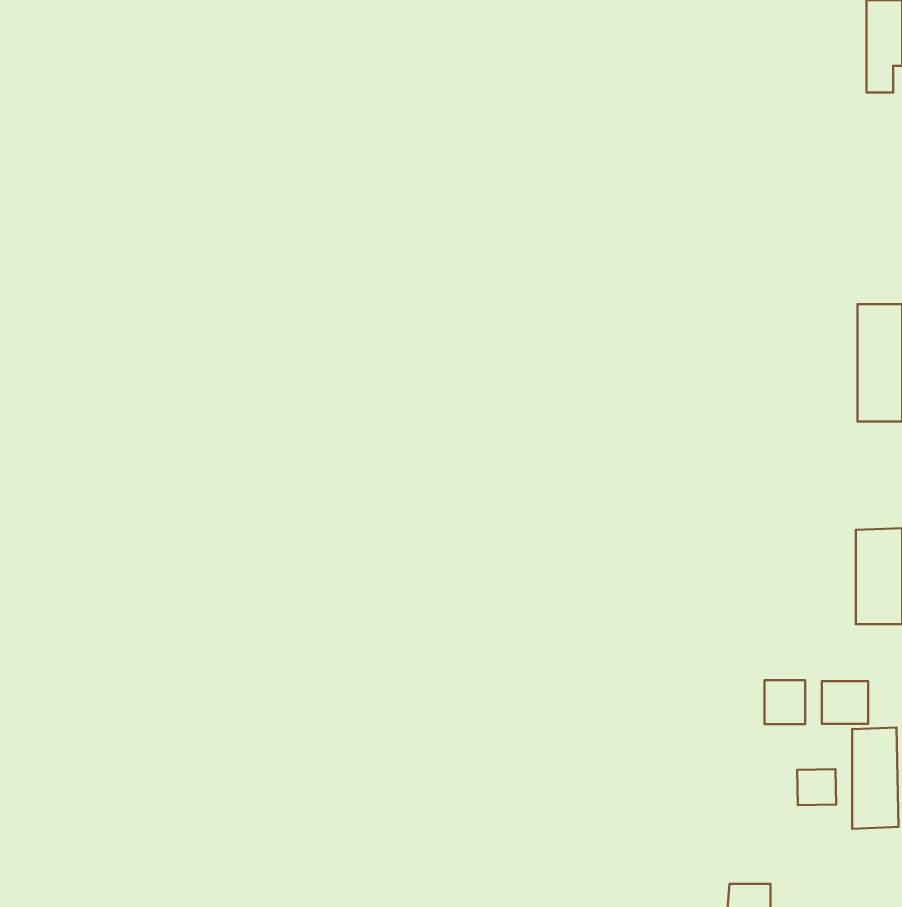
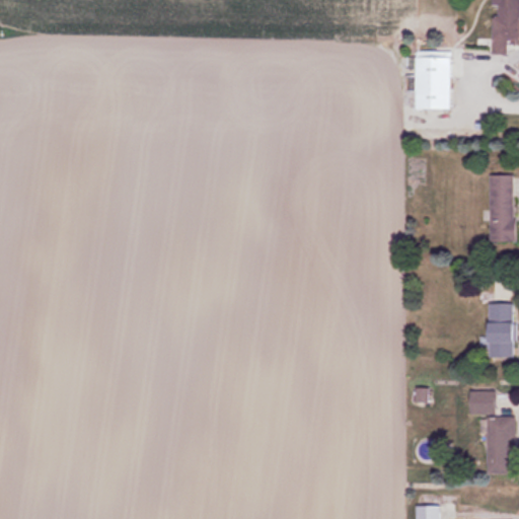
building: none -> [417,54,452,109]
building: [765,680,805,724] -> none
building: [797,769,836,805] -> none

